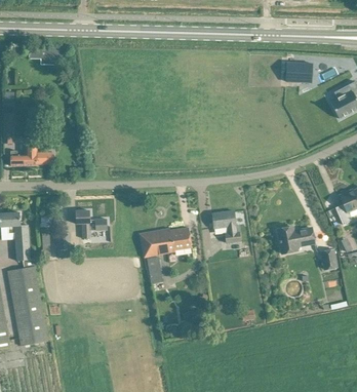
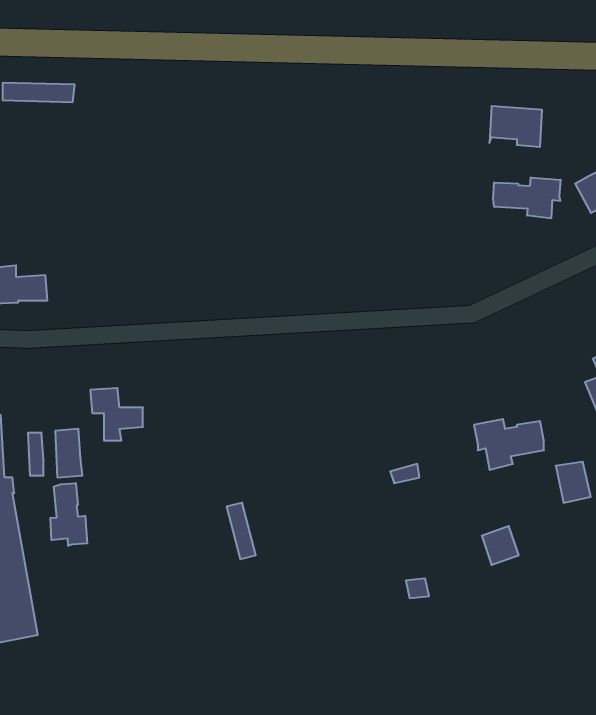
building: none -> [493,177,561,218]
building: [212,209,240,241] -> none
building: [140,227,192,257] -> none
building: none -> [51,483,87,546]

